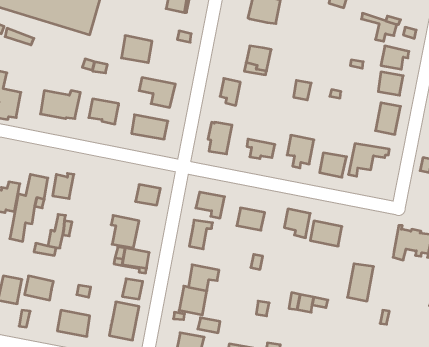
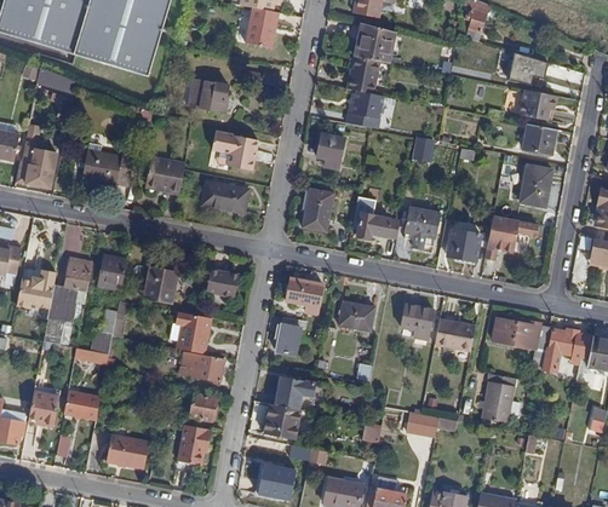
building: none -> [345,56,378,93]
building: none -> [143,266,176,303]
building: none -> [492,318,549,358]

